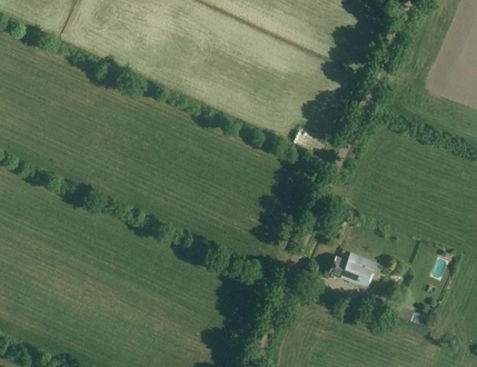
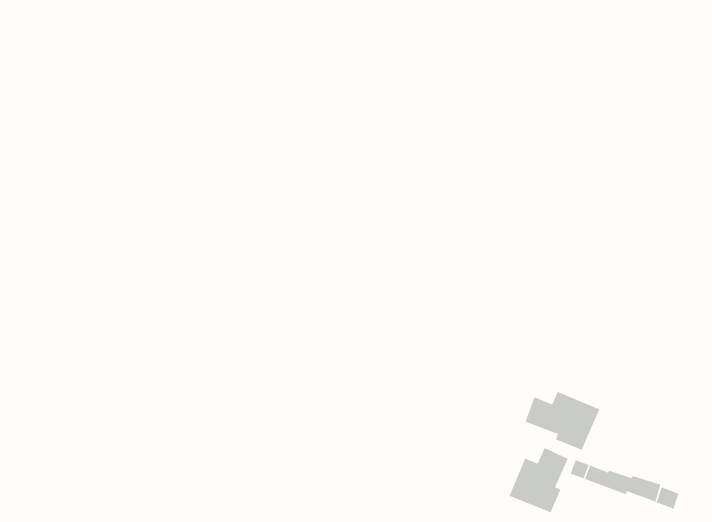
building: none -> [509,447,569,513]

